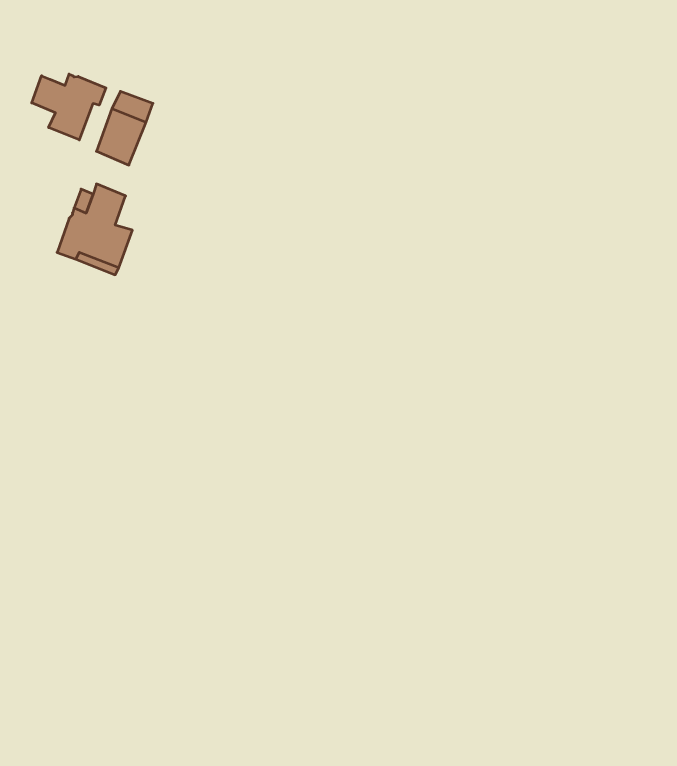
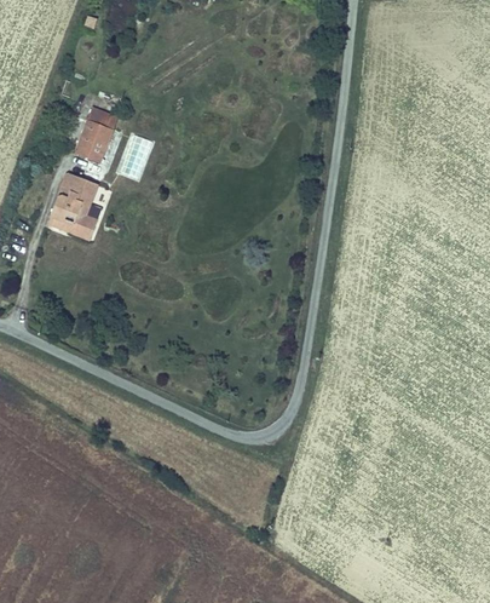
building: [32,74,106,140] -> none

